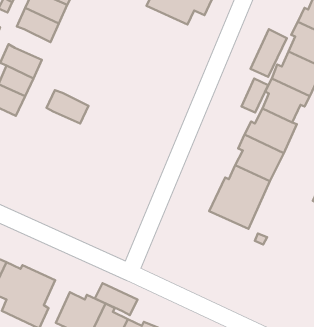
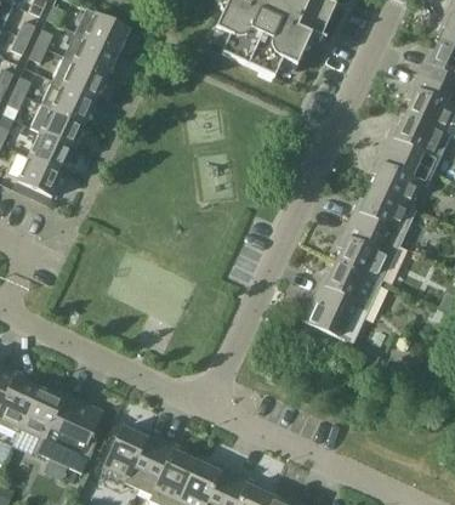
building: [250,29,287,77] -> none
building: [242,78,268,113] -> none
building: [47,90,89,124] -> [41,80,96,124]
building: [95,283,138,315] -> none

